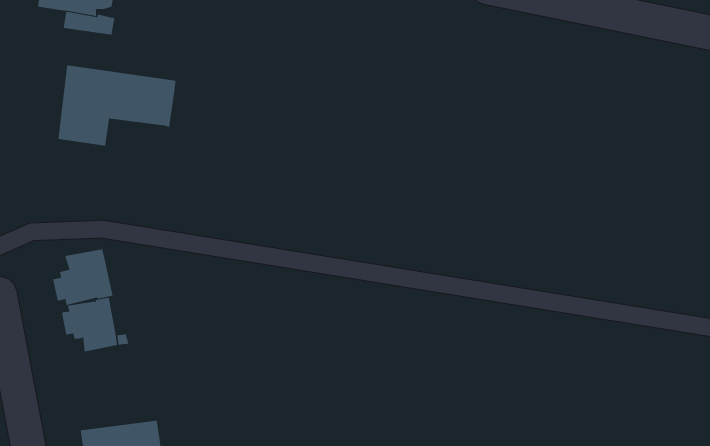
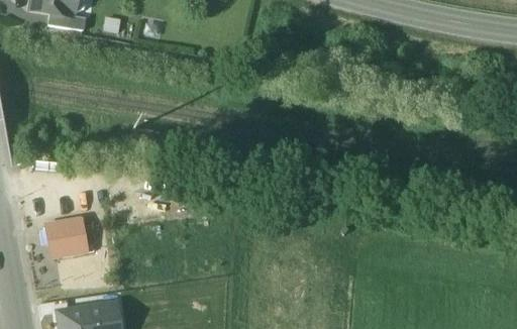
building: [58,64,176,146] -> none
building: [53,248,113,306] -> none

